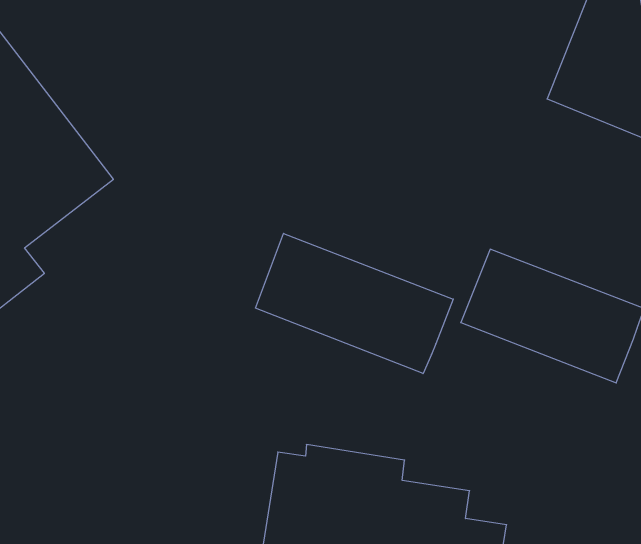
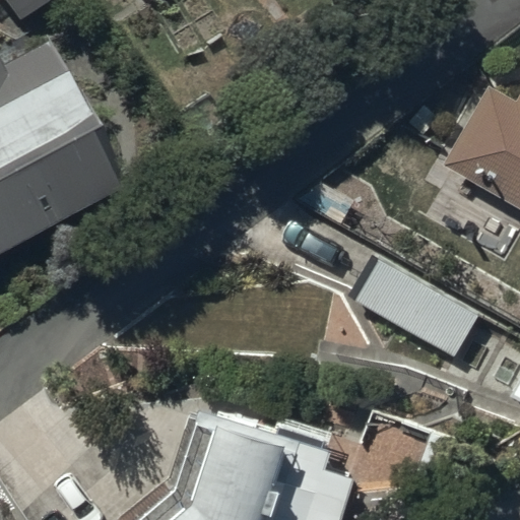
building: [256,233,453,374] -> none

